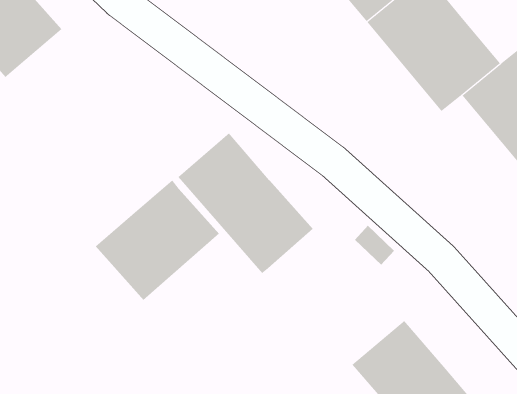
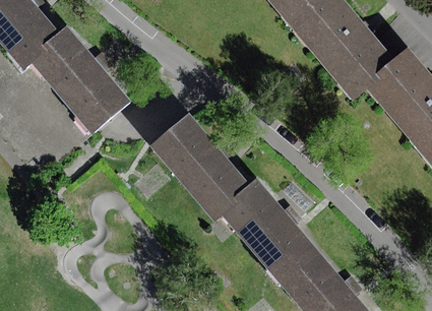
building: none -> [29,29,130,134]
building: [95,180,220,301] -> none
building: none -> [220,180,321,286]

